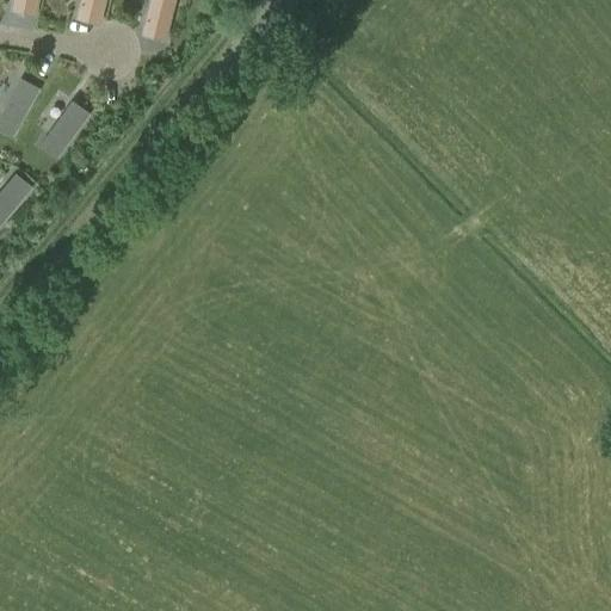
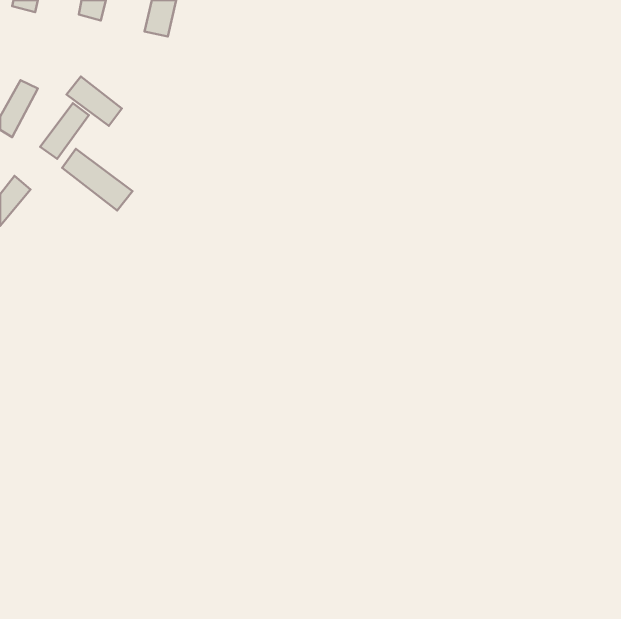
building: none -> [67,76,122,126]
building: none -> [62,149,132,211]

